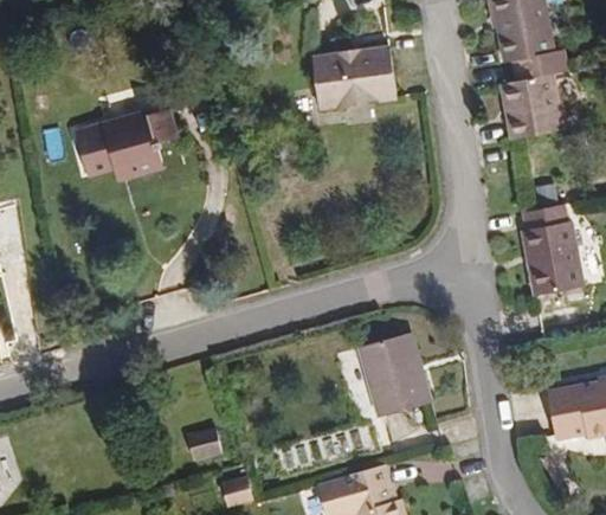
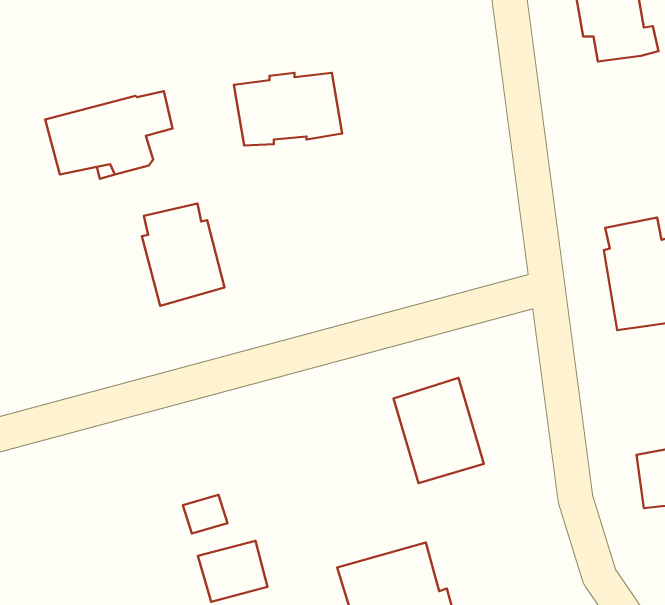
building: [311,47,398,105] -> [234,73,342,146]
building: [501,76,560,142] -> none
building: none -> [142,204,224,306]

